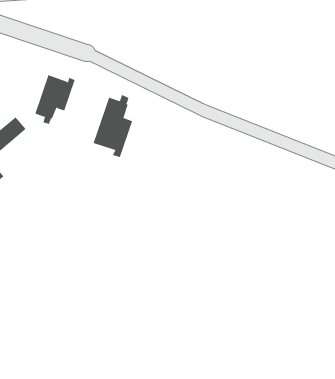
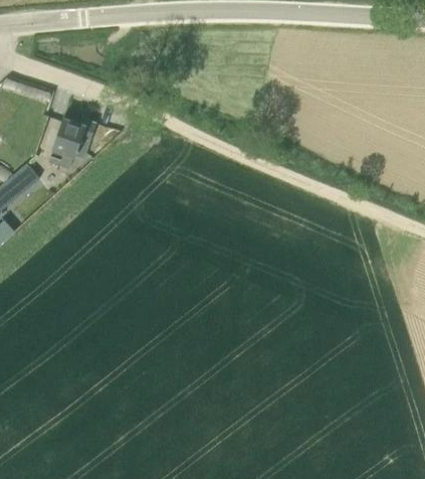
building: [93,94,133,158] -> none

